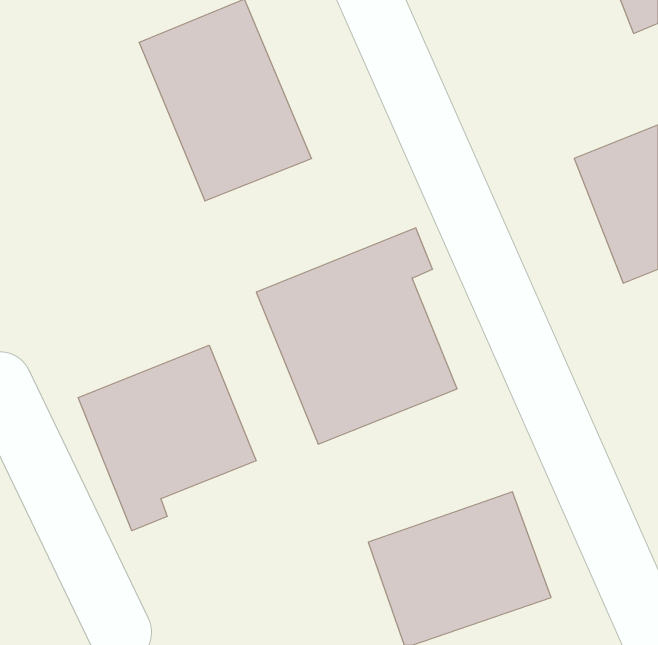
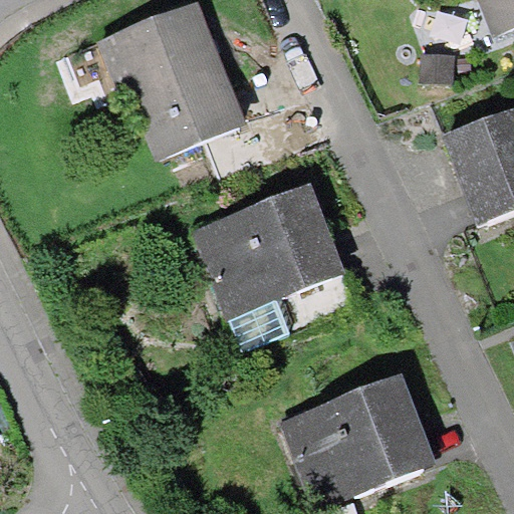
building: [78,345,256,531] -> none

